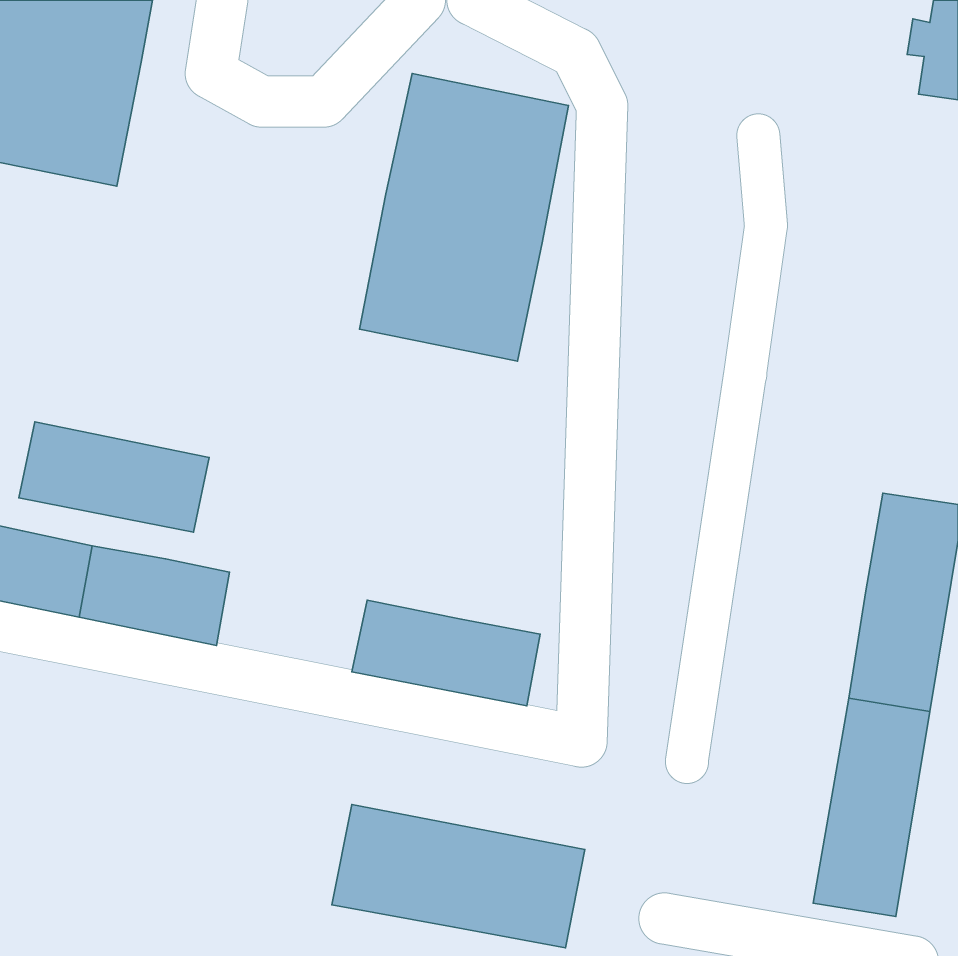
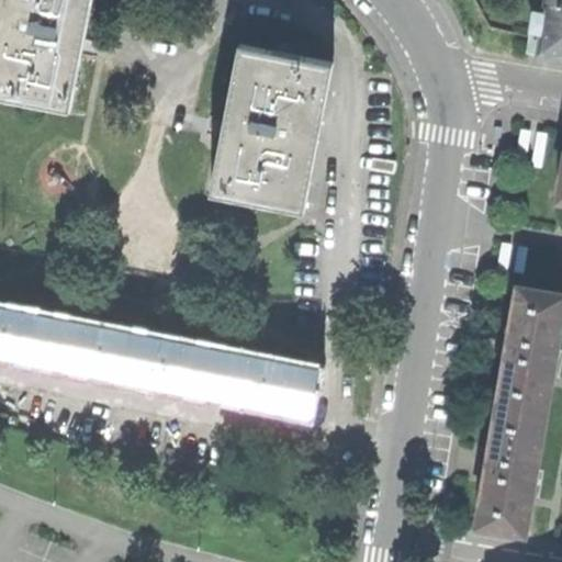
building: [19,422,209,532] -> none
building: none -> [126,337,214,395]
building: [332,805,585,948] -> none

